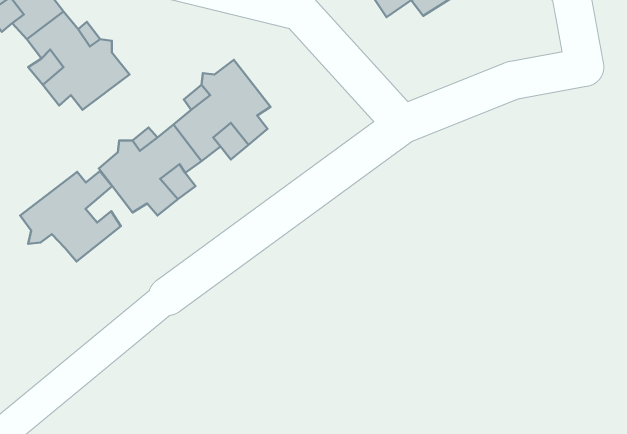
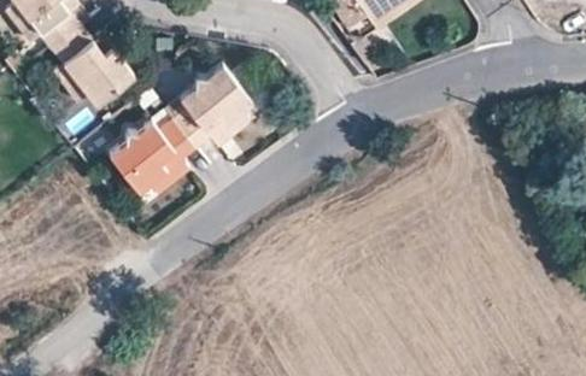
building: [20,171,121,261] -> none

